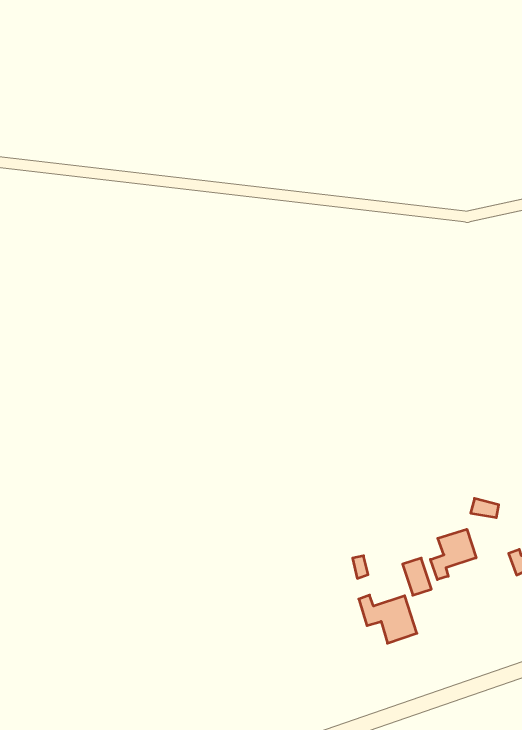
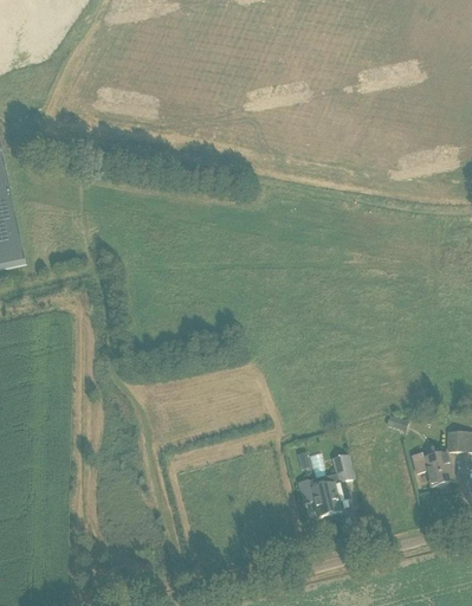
building: [430,529,476,580] -> none

